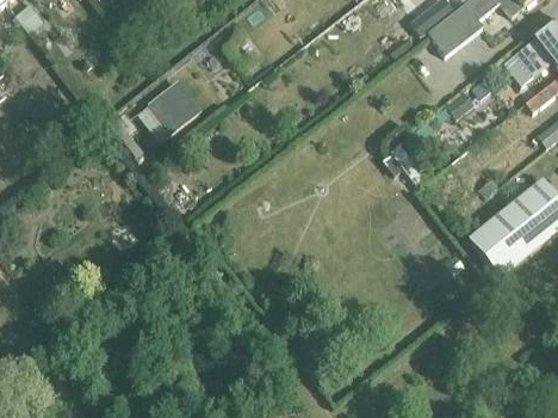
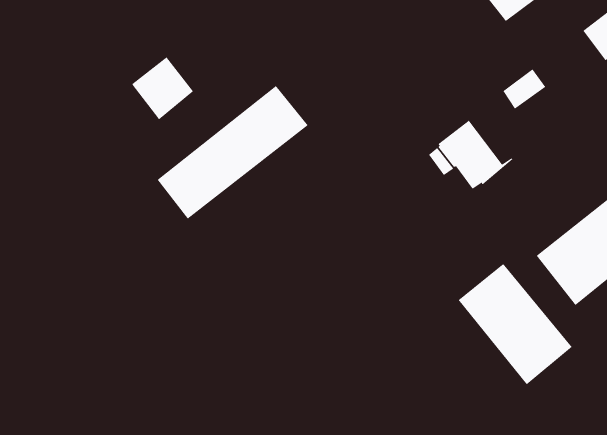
building: none -> [157,85,308,220]
building: none -> [458,263,573,385]

